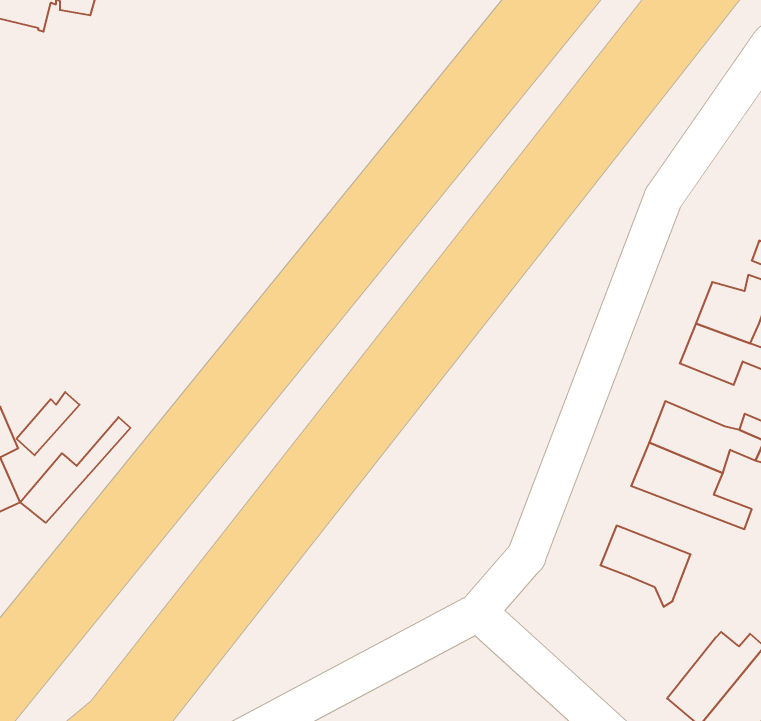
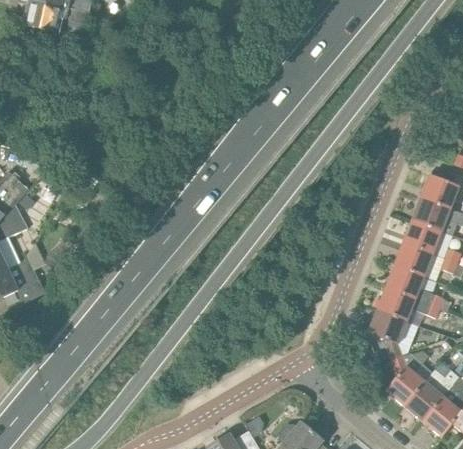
building: none -> [404,219,442,254]
building: [20,417,130,523] -> none
building: none -> [377,287,449,325]
building: none -> [384,337,432,405]

